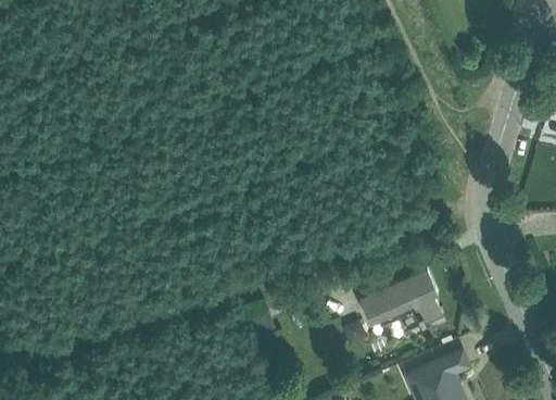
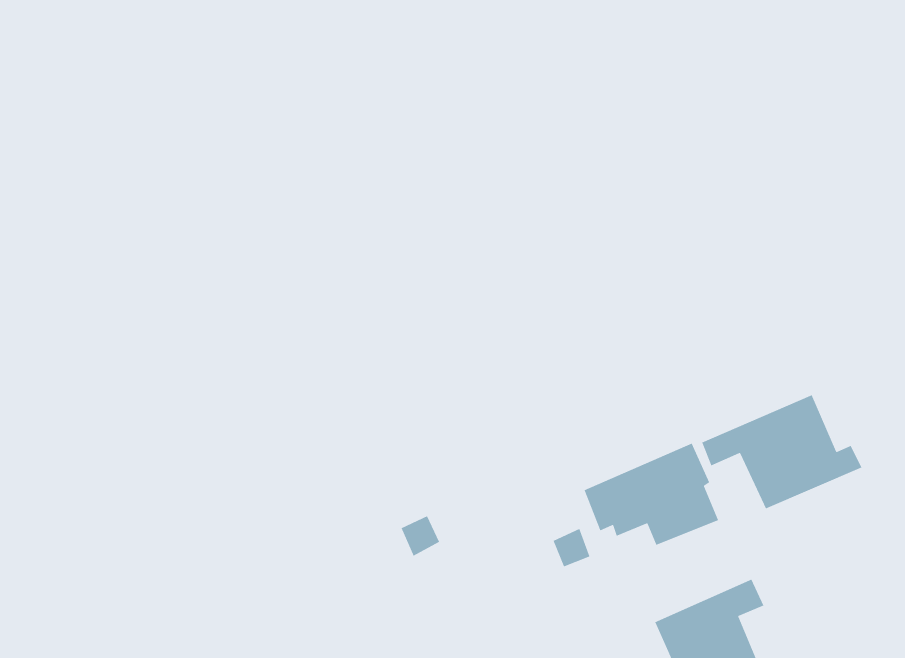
building: none -> [701,394,862,510]

